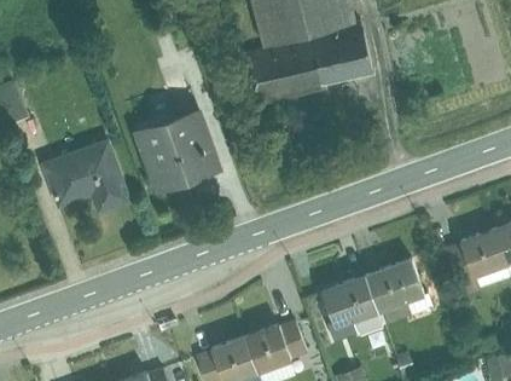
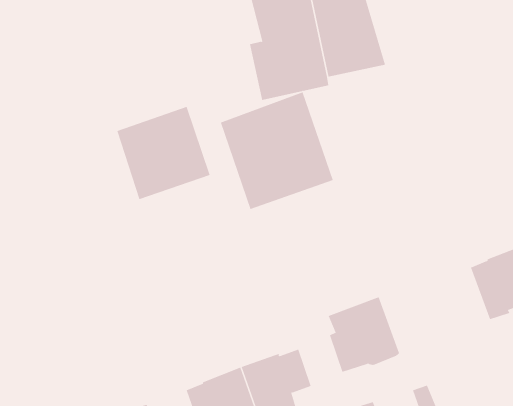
building: none -> [220,91,334,210]
building: [43,139,129,210] -> none
building: [366,259,434,324] -> none

